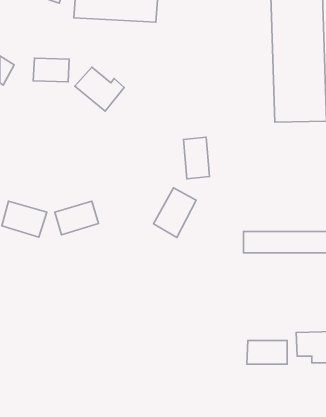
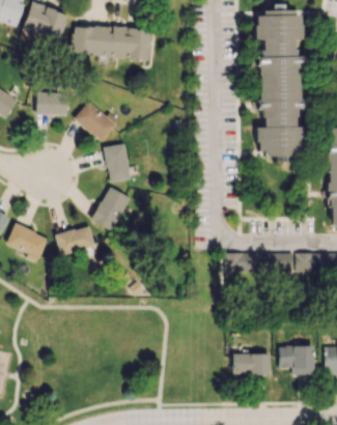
building: [184,137,209,179] -> [106,144,130,182]
building: [153,188,196,237] -> [91,187,131,232]

